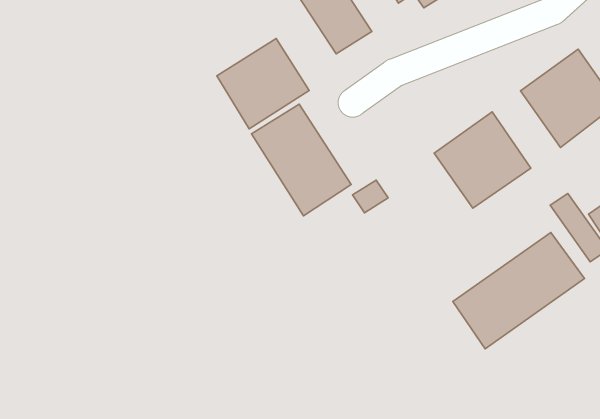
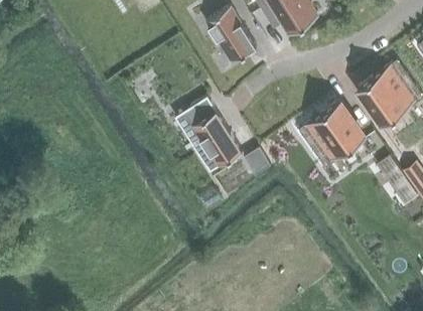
building: [217,38,309,129] -> none
building: [453,233,584,349] -> none

